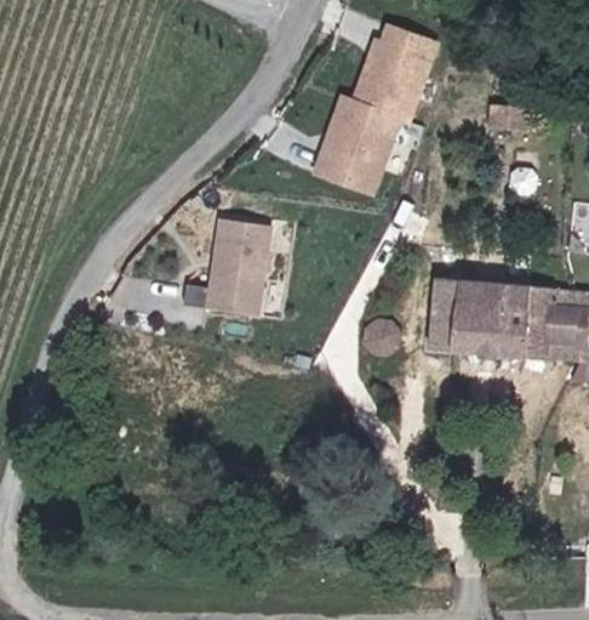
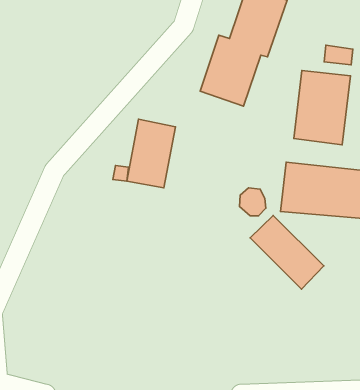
building: none -> [294,70,350,145]
building: none -> [250,215,324,289]

